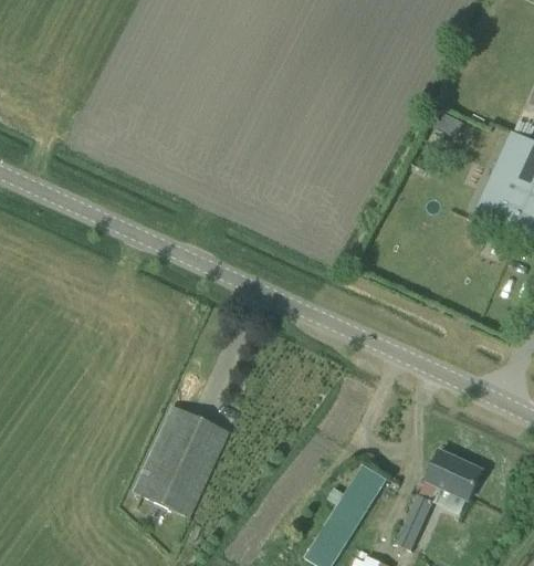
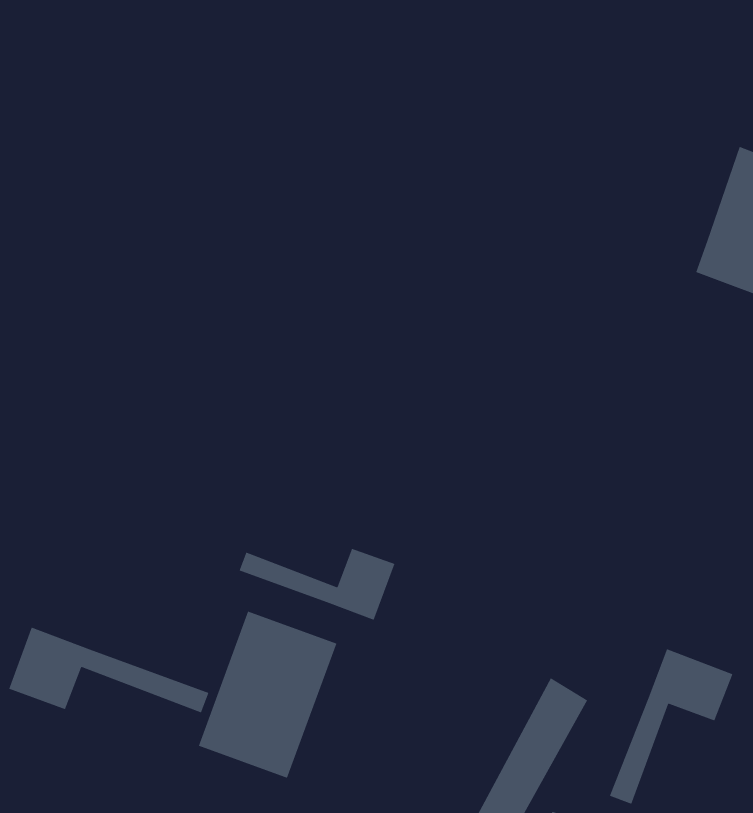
building: none -> [239,548,395,621]
building: none -> [8,627,210,714]

